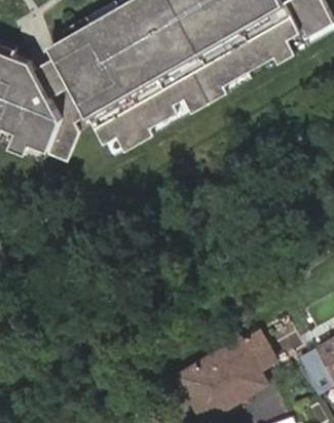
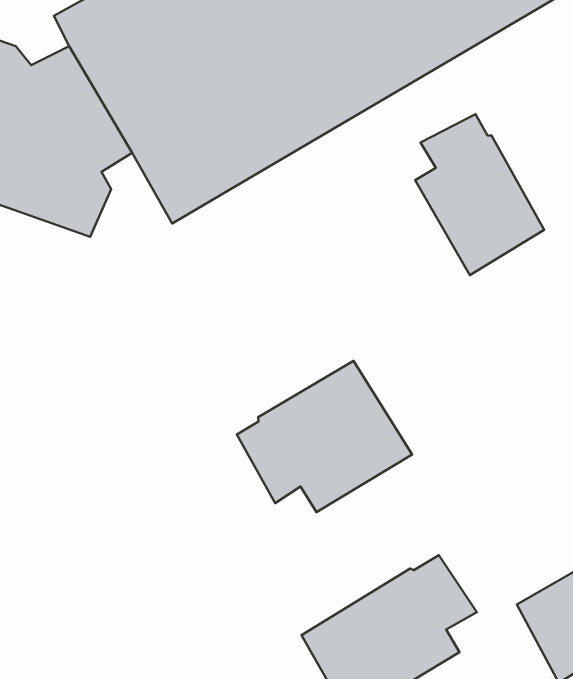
building: none -> [415,114,544,275]
building: none -> [237,361,412,512]

